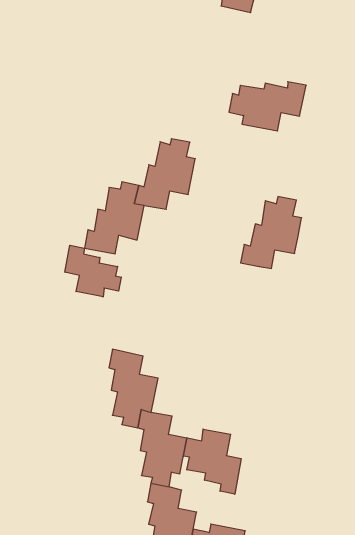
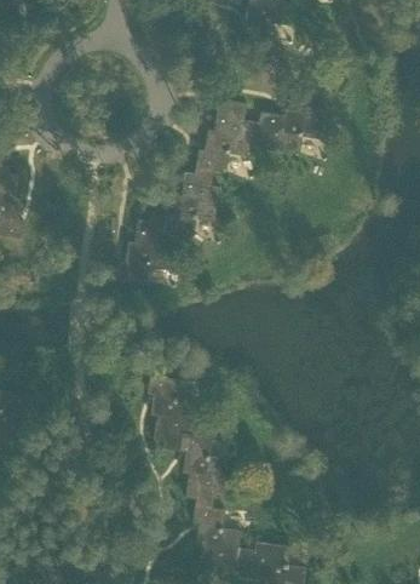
building: [241,197,302,268] -> [196,101,253,171]
building: [65,245,121,297] -> none
building: [184,429,241,494] -> none

